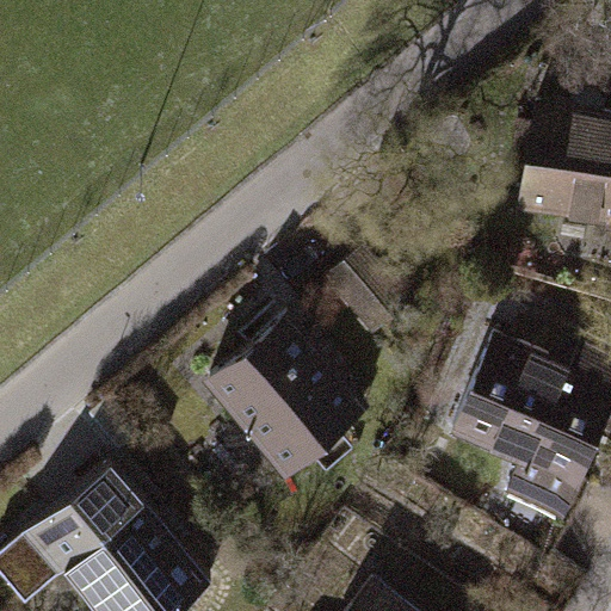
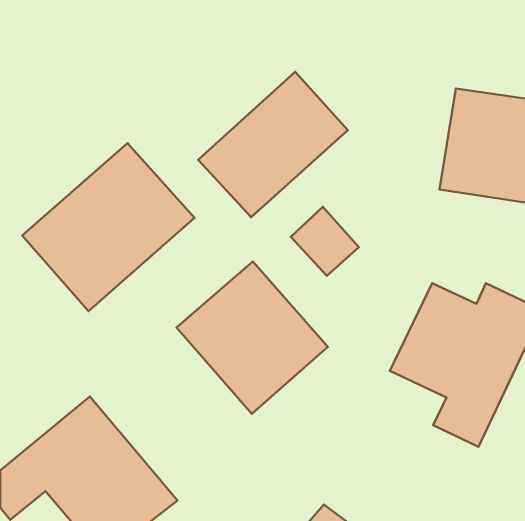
building: none -> [198,72,348,217]
building: none -> [22,143,194,311]

